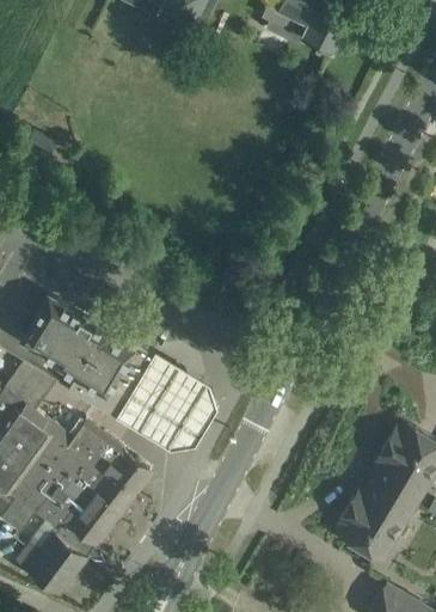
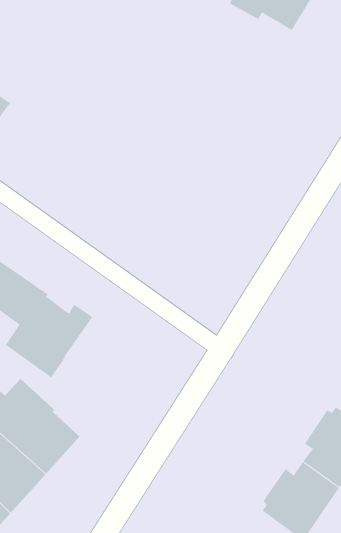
building: [117,353,214,447] -> none

